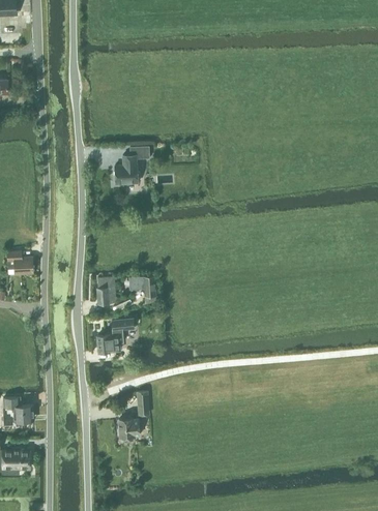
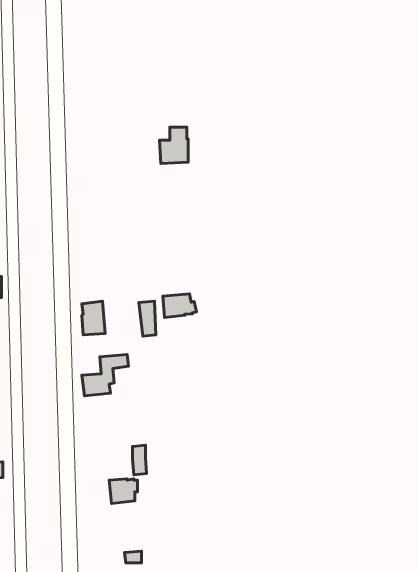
building: [115,155,138,184] -> [160,127,188,164]
building: none -> [163,294,196,318]

